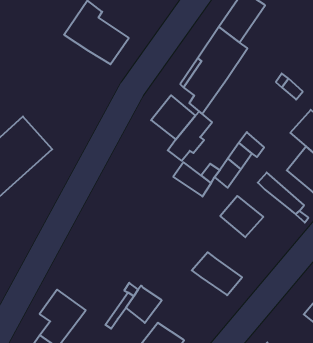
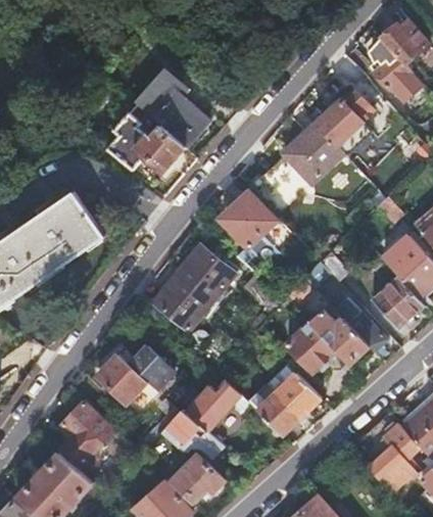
building: none -> [106,112,186,175]
building: none -> [153,246,234,332]
building: none -> [309,309,370,364]
building: none -> [266,362,321,416]
building: none -> [98,343,175,402]
building: none -> [185,382,239,429]

